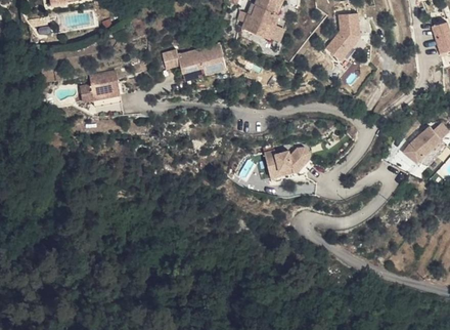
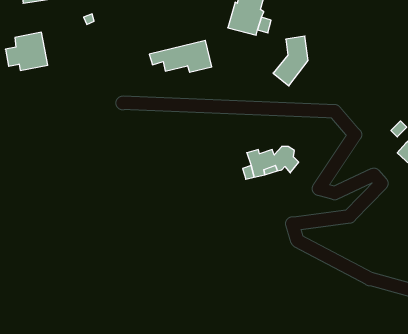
building: [326,12,360,60] -> [273,36,308,86]
building: [81,68,122,105] -> [5,32,48,70]

